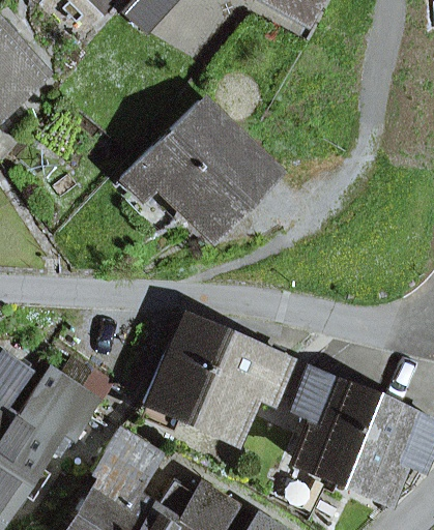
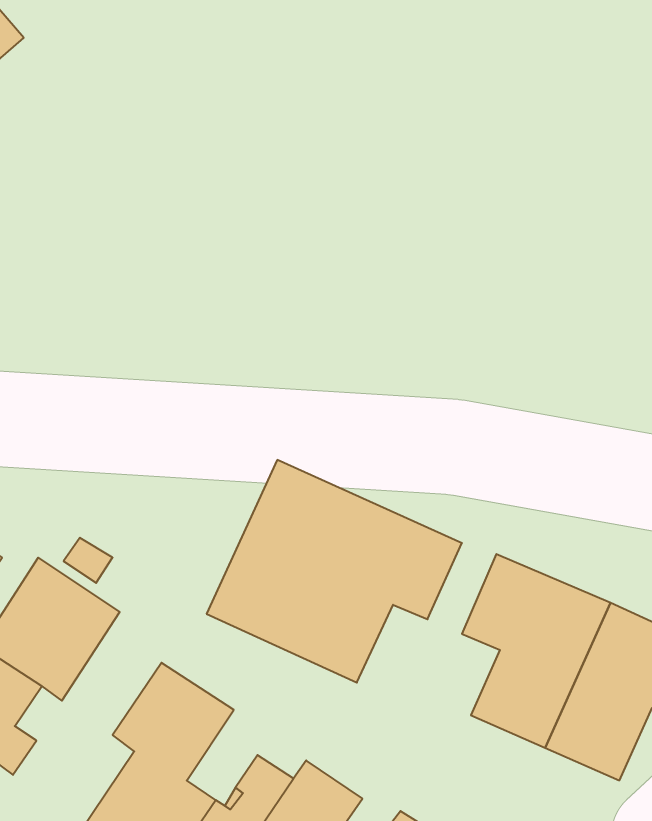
building: [124,102,270,233] -> none

